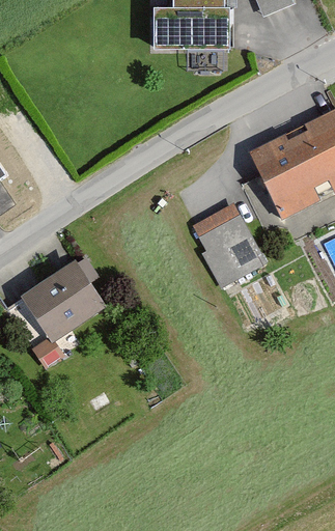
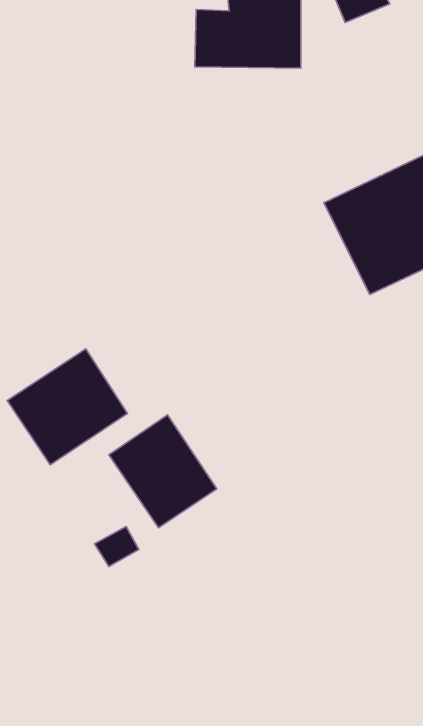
building: [188,200,263,284] -> none
building: none -> [109,415,217,528]

